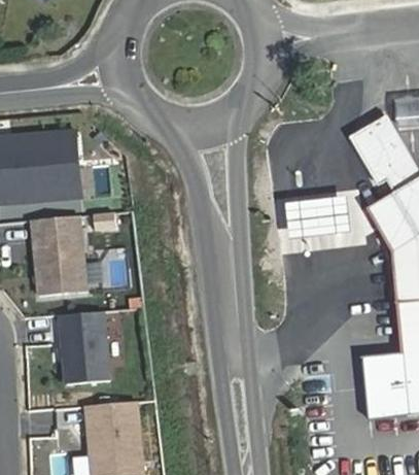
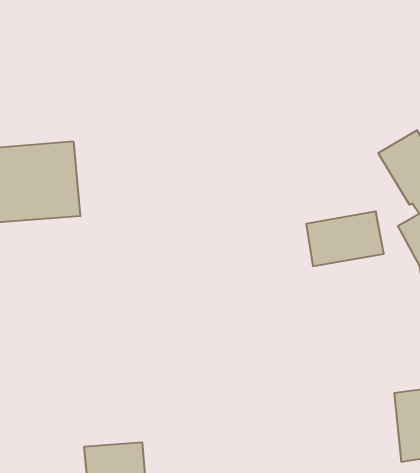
building: [31,214,86,294] -> none
building: [60,309,109,382] -> none

